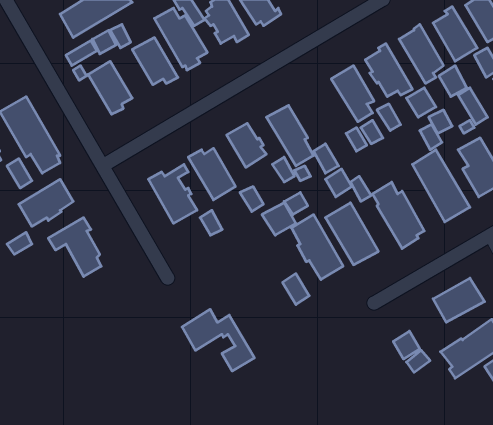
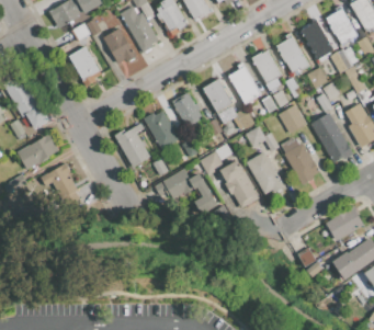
building: none -> [228,66,261,104]
building: none -> [277,104,306,133]
building: [182,309,254,371] -> [163,169,217,215]

